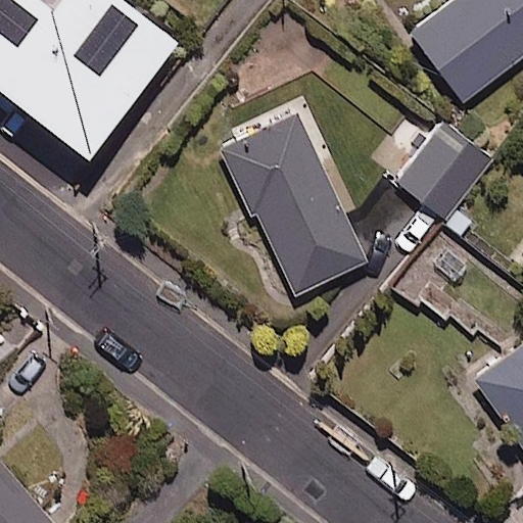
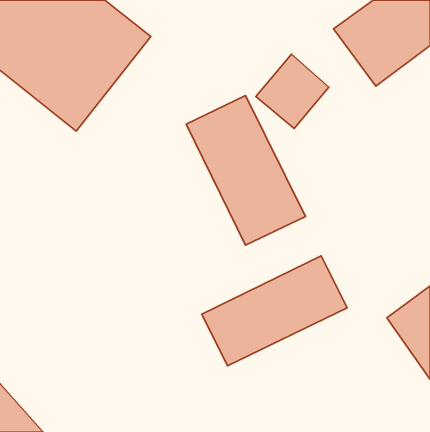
building: [392,132,480,222] -> [256,54,329,129]
building: none -> [202,256,347,366]

